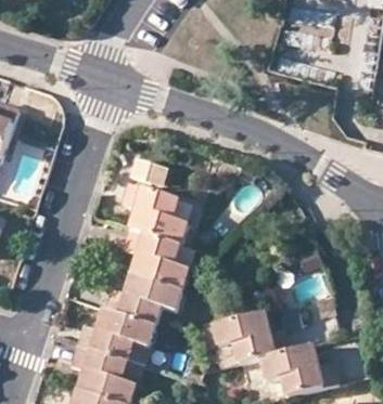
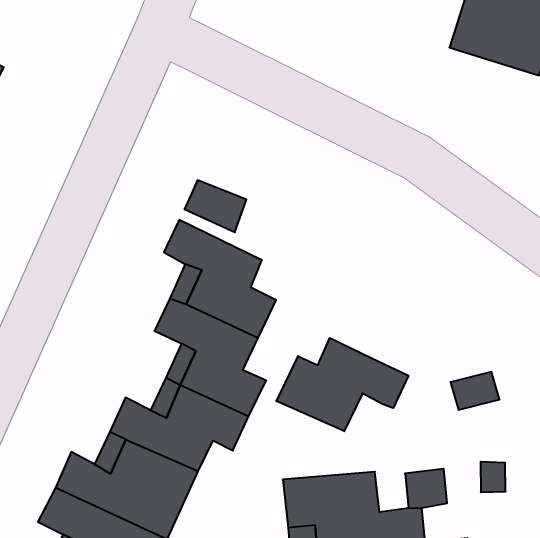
building: none -> [276,338,408,431]

